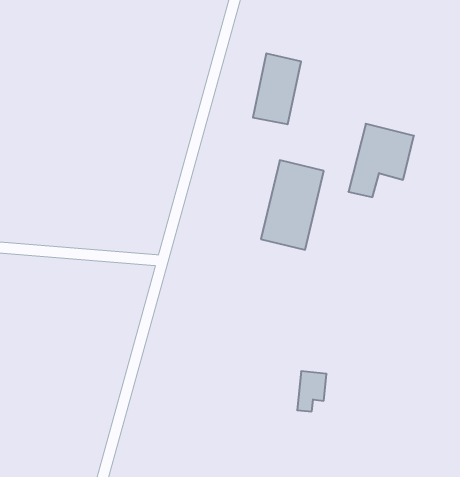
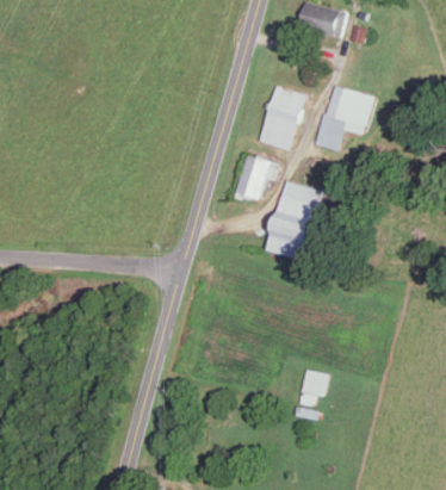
building: [348,124,414,197] -> [315,85,373,150]
building: none -> [234,154,279,203]

